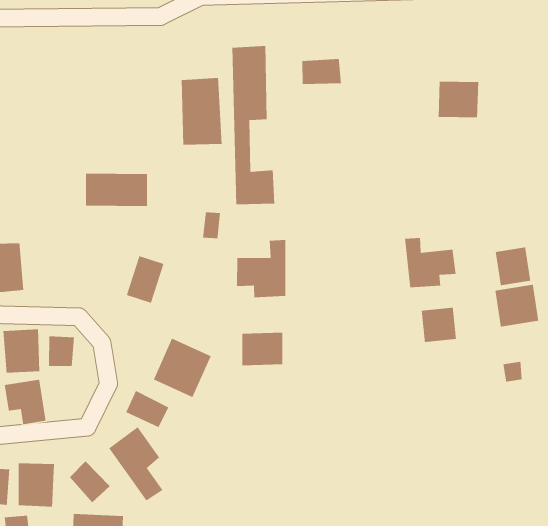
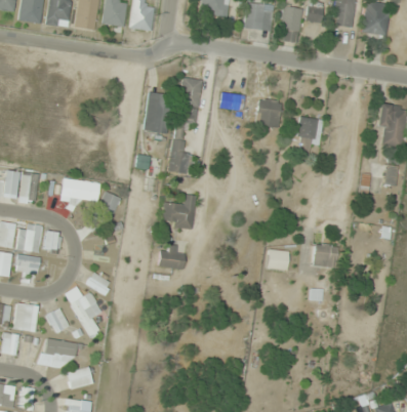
building: none -> [256,99,282,128]
building: [85,173,148,207] -> [60,177,100,203]
building: [404,237,457,288] -> none
building: [495,247,531,286] -> none
building: [153,337,212,398] -> none

